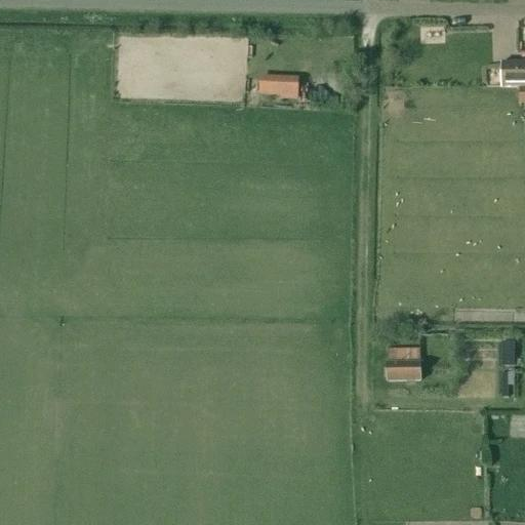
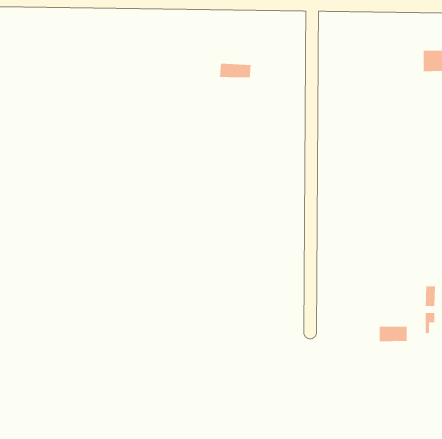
building: [388,360,421,378] -> [379,326,407,342]

